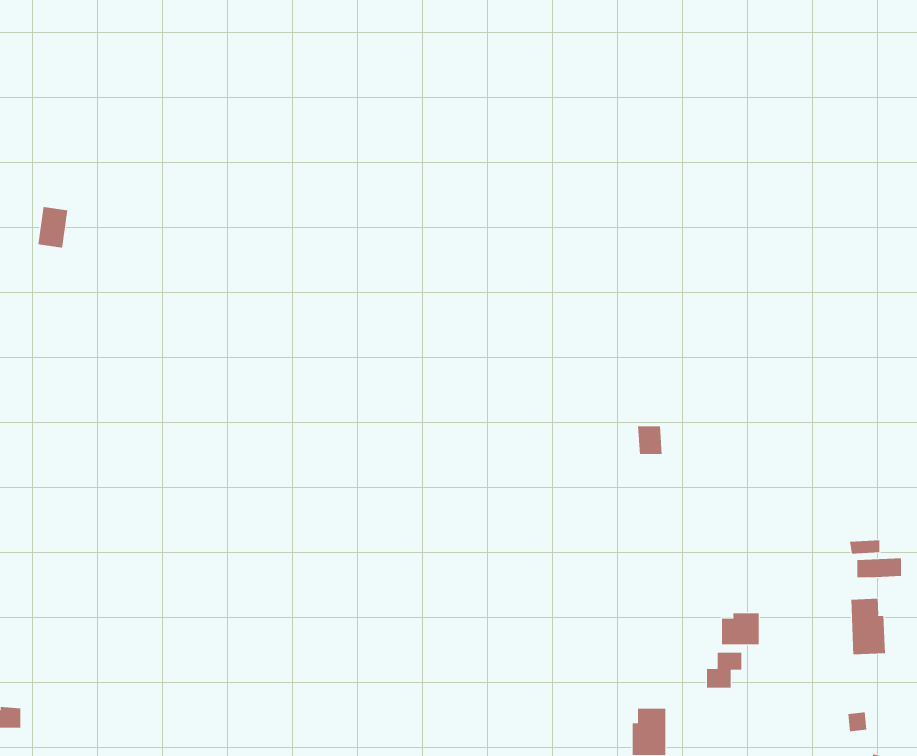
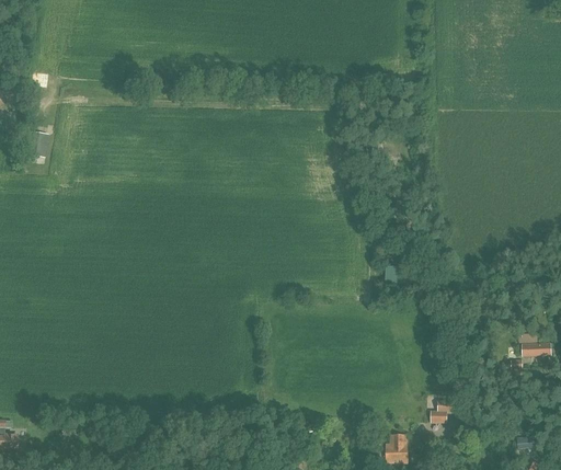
building: [851,598,885,655] -> none
building: [721,613,759,645] -> none

